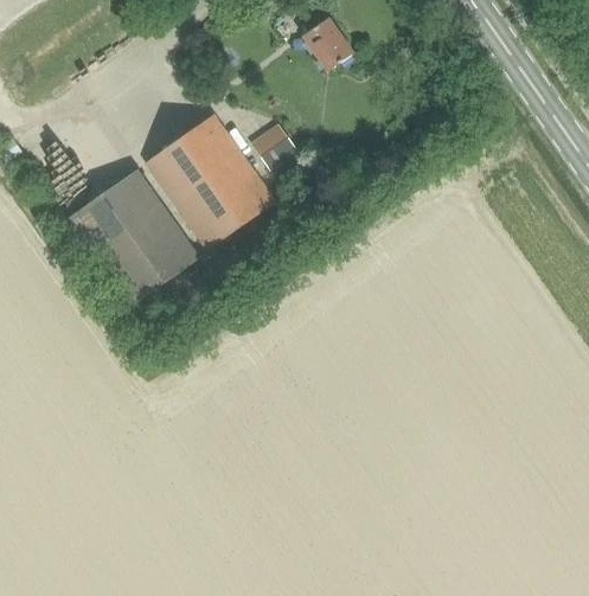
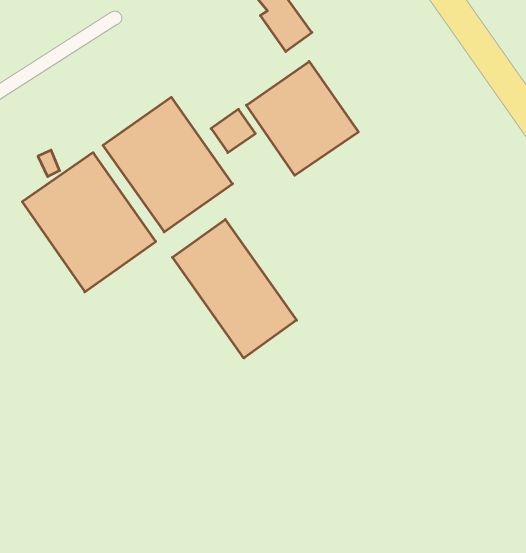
building: none -> [246,61,358,175]
building: none -> [172,219,297,358]

